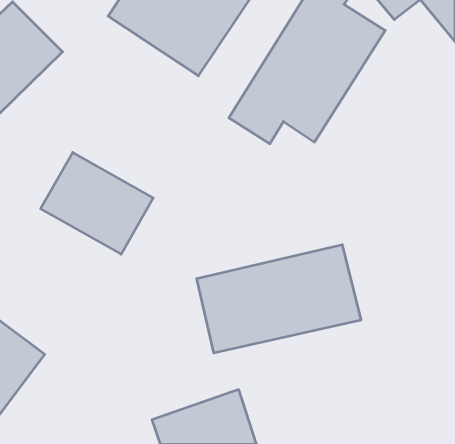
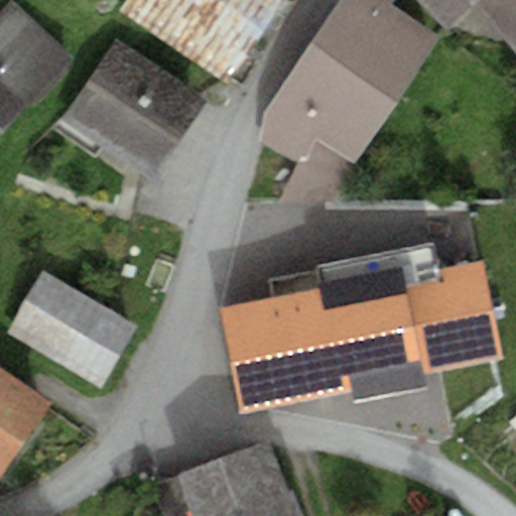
building: none -> [63,40,205,178]
building: [41,152,153,254] -> [5,269,132,384]
building: none -> [386,255,494,361]

